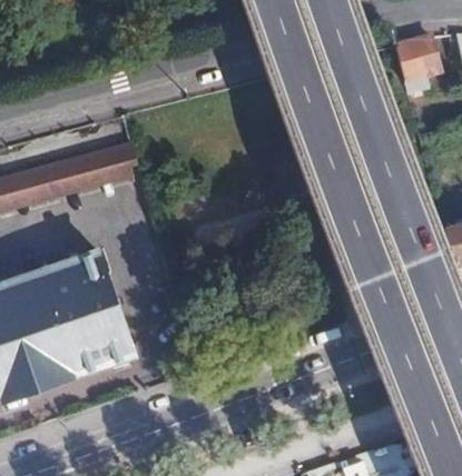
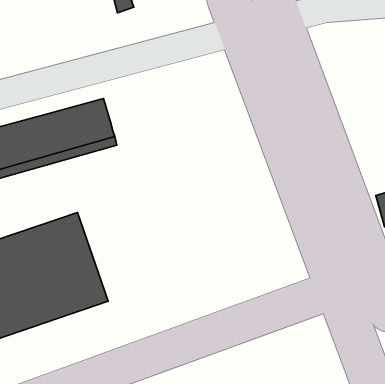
building: [397,41,444,97] -> none

